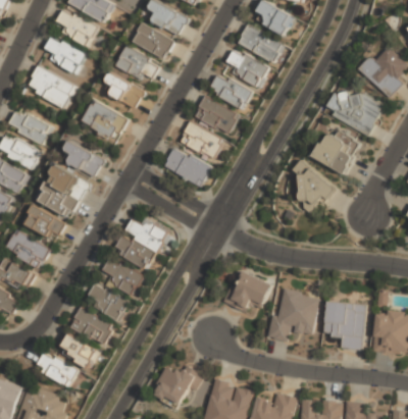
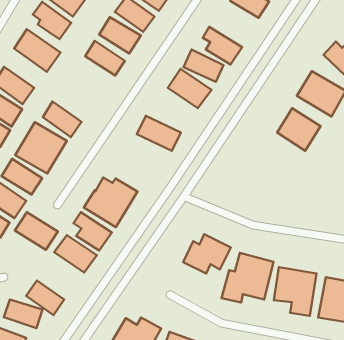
building: [237,24,283,62] -> none
building: [80,99,128,144] -> none
building: [178,120,223,160] -> none
building: [293,158,334,213] -> none
building: [68,306,114,345] -> [15,212,58,250]

